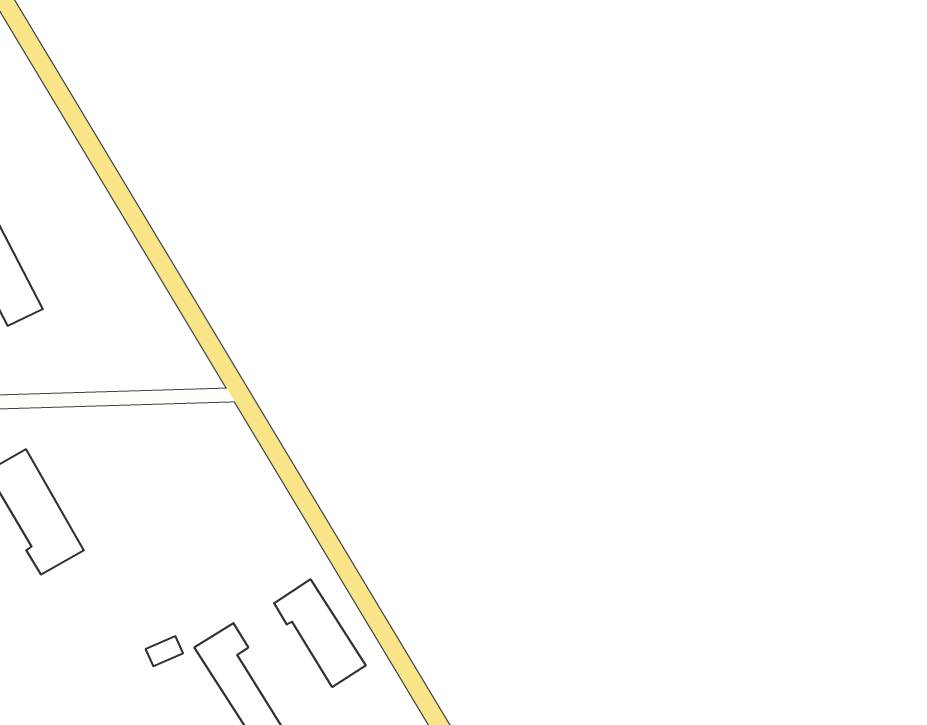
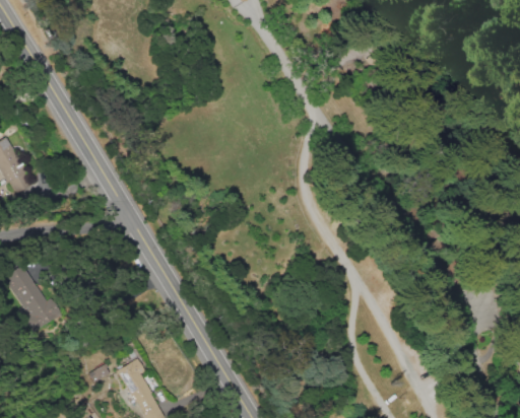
building: [274,579,366,687] -> none

